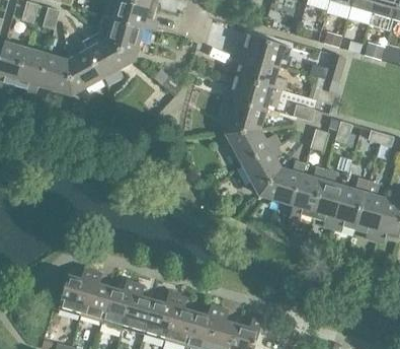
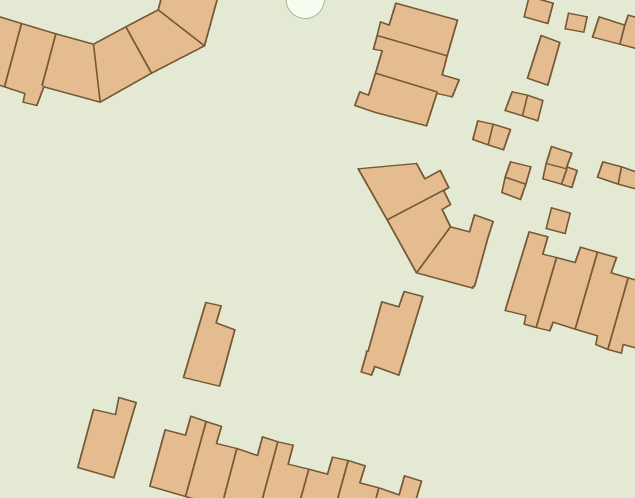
building: [226,99,266,133] -> none
building: [291,167,327,217] -> [361,292,423,375]
building: [81,272,111,322] -> [184,302,235,386]

